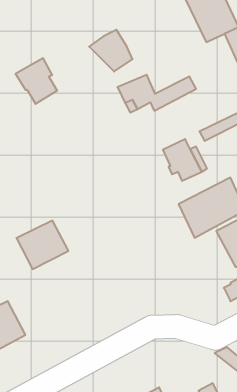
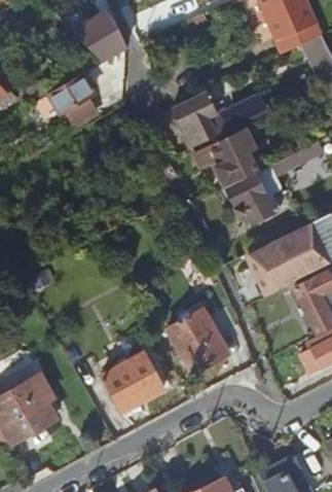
building: [89,30,133,72] -> [74,11,127,63]
building: none -> [211,129,256,184]
building: [16,221,68,269] -> [100,353,163,413]
building: none -> [169,309,228,374]

